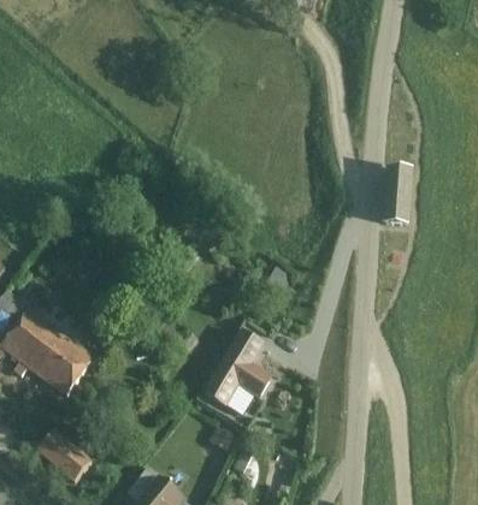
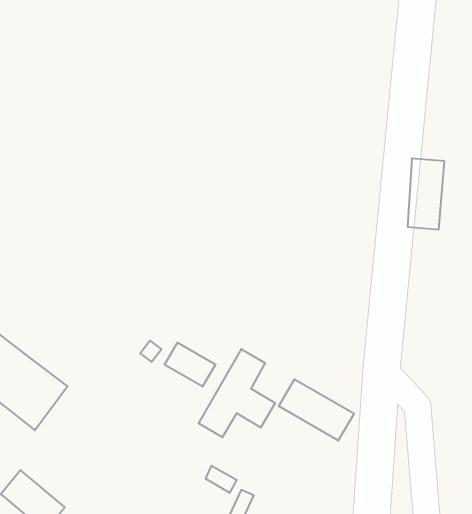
building: none -> [165,343,216,387]
building: none -> [279,379,354,441]

